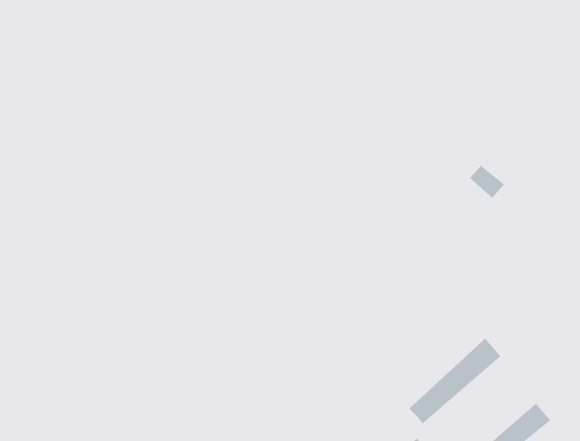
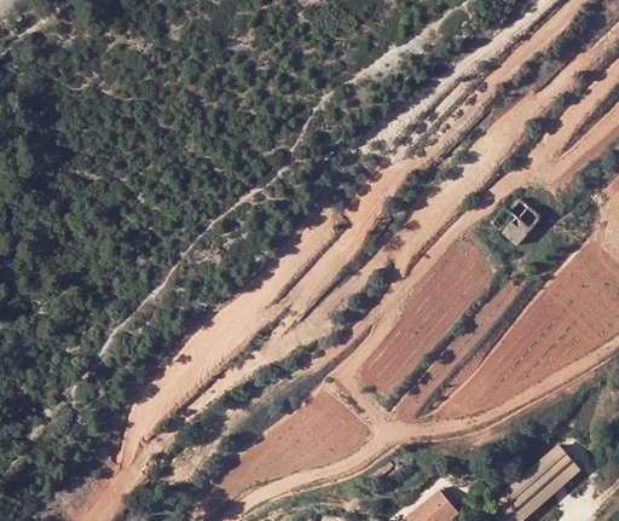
building: [409,338,501,425] -> none

